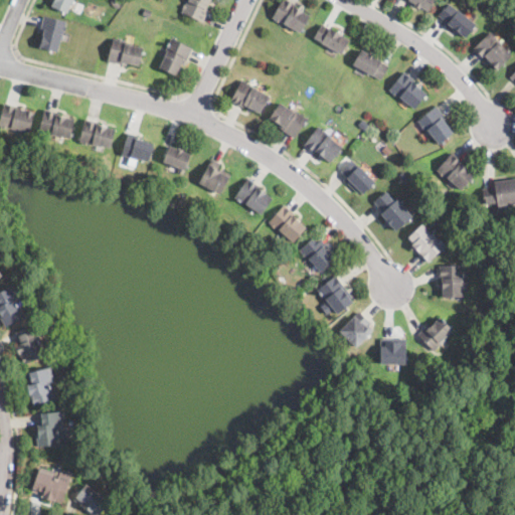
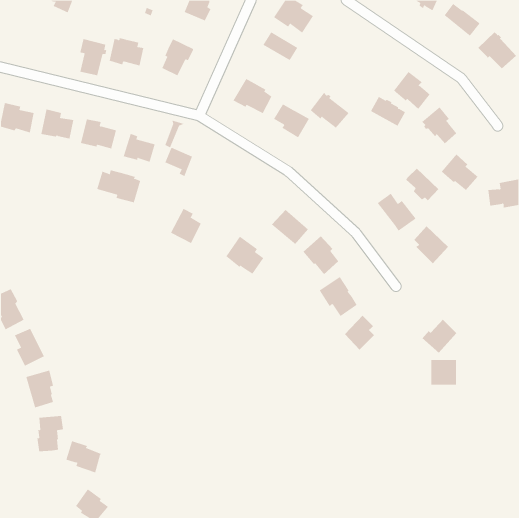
building: [40,16,67,53] -> [80,38,107,76]
building: [314,25,349,54] -> [263,32,298,61]
building: [353,50,388,80] -> [370,96,406,127]
building: [304,127,343,163] -> [310,92,349,129]
building: [199,160,230,195] -> [170,208,202,244]
building: [341,161,374,194] -> [406,168,439,201]
building: none -> [96,169,141,203]
building: [234,177,273,215] -> [225,236,264,274]
building: [440,266,464,298] -> none
building: [380,340,406,365] -> [430,360,457,385]
building: [32,471,68,503] -> [65,441,102,473]

